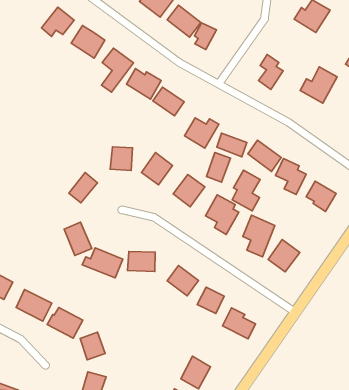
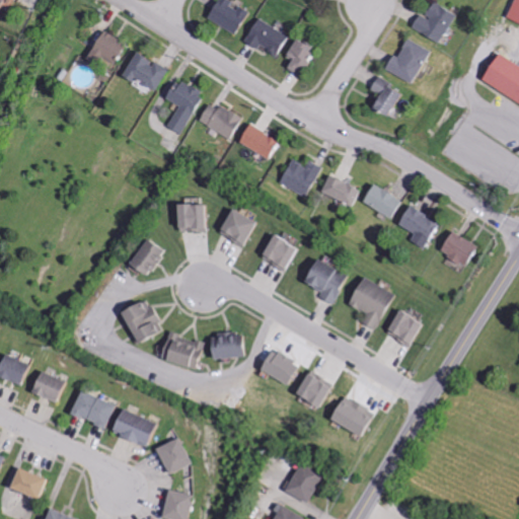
building: [300,67,337,103] -> [376,39,422,84]
building: [206,153,231,182] -> none
building: [232,170,260,211] -> none

